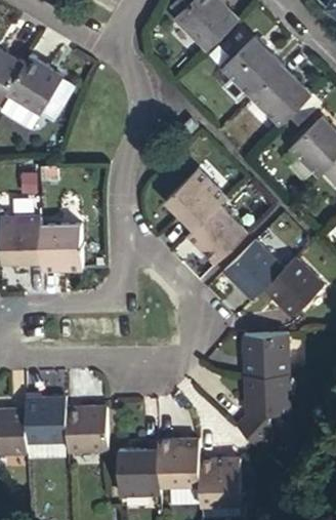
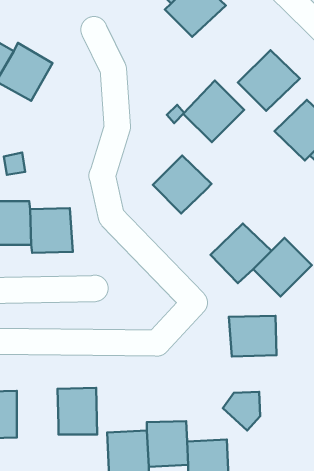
building: [221,35,283,97] -> [183,80,244,142]
building: [186,205,247,264] -> none
building: [244,373,290,411] -> none
building: [25,397,69,445] -> none

